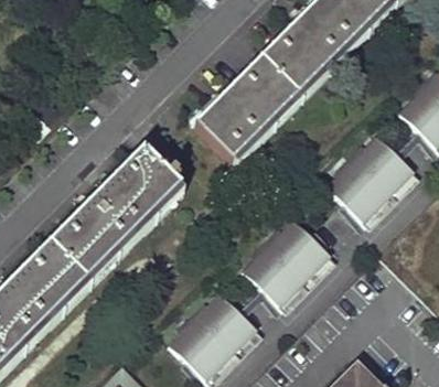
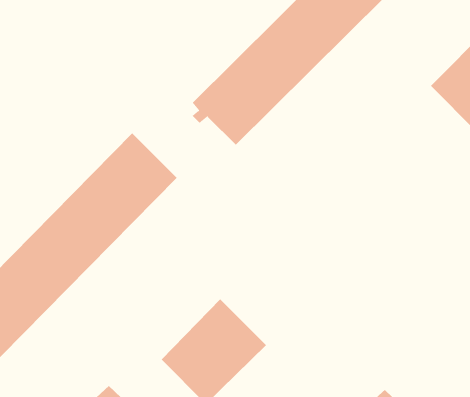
building: [322,133,413,223] -> none
building: [242,216,332,307] -> none

